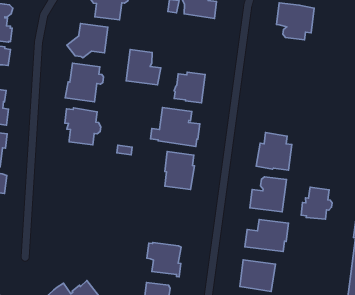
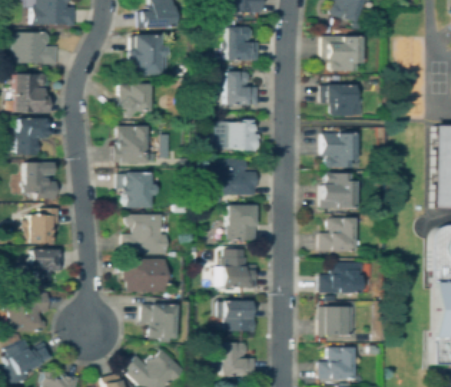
building: [126,50,161,85] -> [226,72,260,105]
building: none -> [322,85,355,116]
building: none -> [323,133,357,169]
building: none -> [123,215,166,254]
building: [301,187,332,219] -> none
building: none -> [126,259,165,292]
building: none -> [217,257,259,289]
building: none -> [142,304,176,339]

